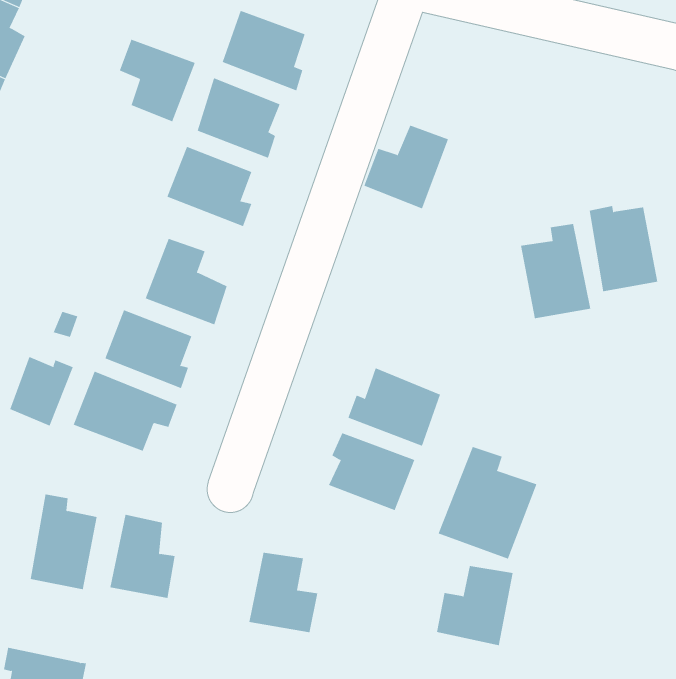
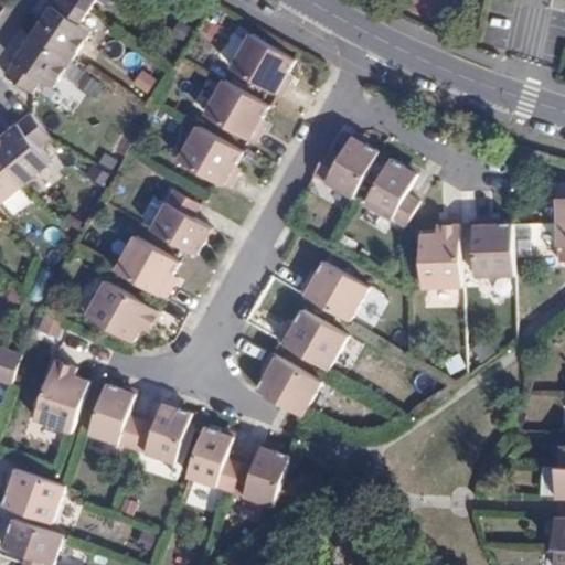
building: [119,39,196,122] -> none
building: none -> [363,156,418,227]
building: none -> [299,259,370,320]
building: [10,356,73,427] -> none
building: [438,446,537,560] -> none
building: none -> [129,403,191,466]
building: [436,566,513,646] -> [227,445,289,505]

